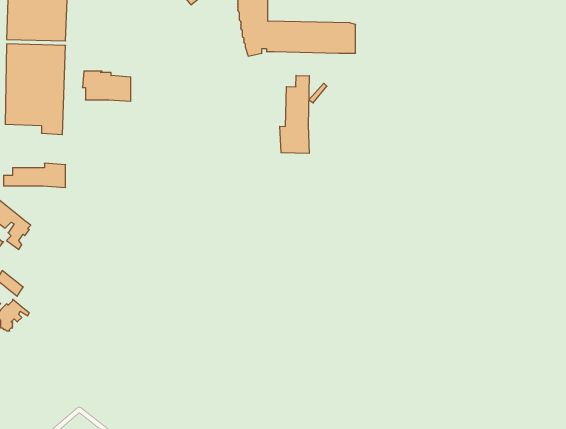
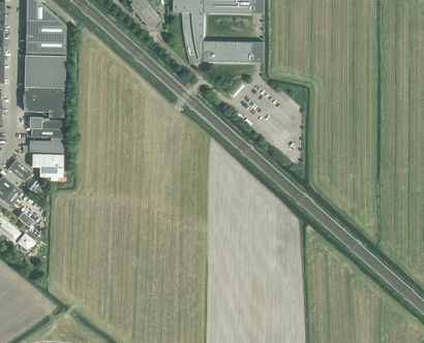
building: [82,71,131,101] -> [29,117,62,137]
building: [280,75,309,153] -> none
building: none -> [29,153,62,179]

